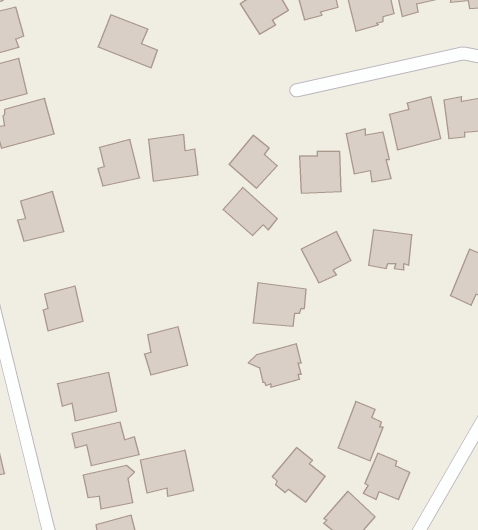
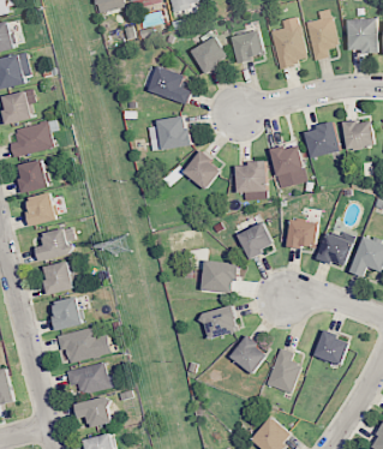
building: [98,15,157,68] -> [148,65,192,104]
building: [148,135,198,181] -> [157,116,195,151]
building: [98,139,140,186] -> [17,158,48,193]
building: [223,187,277,236] -> none
building: none -> [35,229,73,262]
building: none -> [317,233,353,265]
building: [144,327,188,375] -> [52,295,84,331]
building: [272,448,325,502] -> [228,334,268,375]
building: [141,450,194,496] -> none
building: [363,453,410,500] -> [313,329,348,364]

